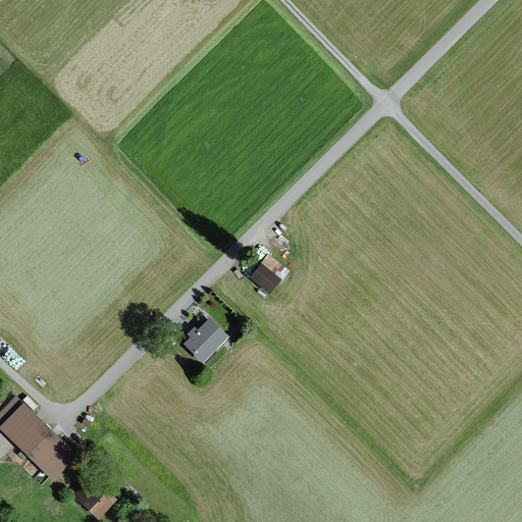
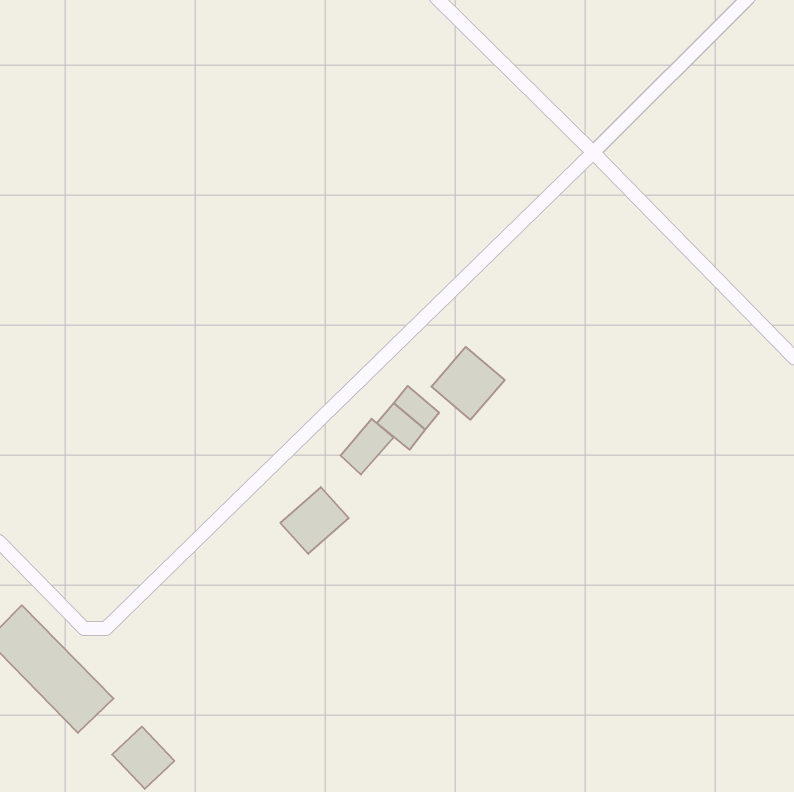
building: none -> [431,347,505,420]
building: none -> [340,419,394,475]

